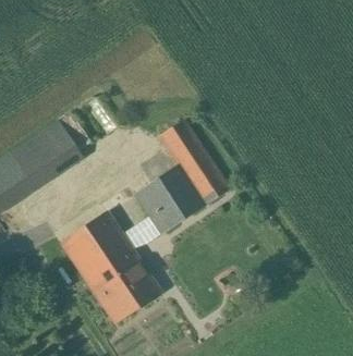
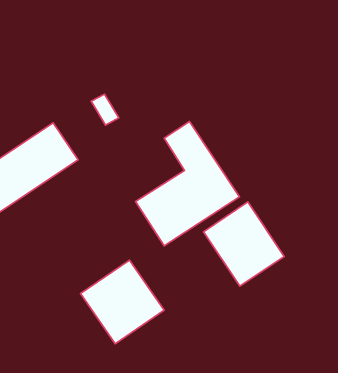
building: none -> [203,202,284,286]
building: [61,211,129,277] -> none

